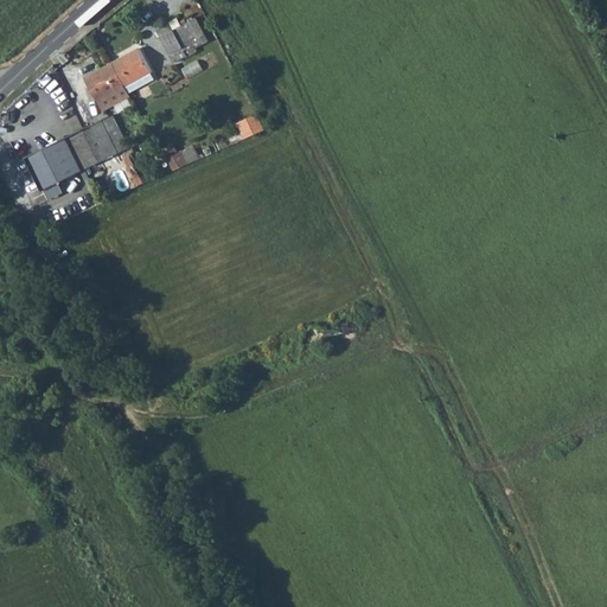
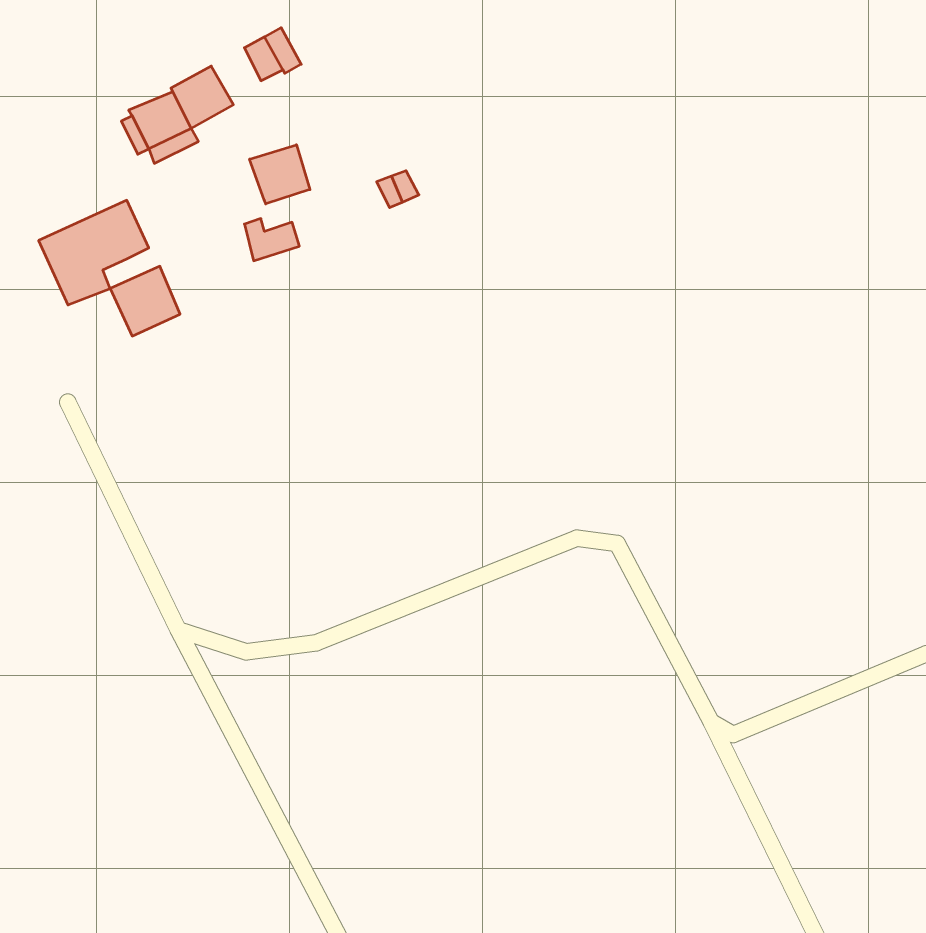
building: none -> [250,145,310,204]
building: [82,119,127,164] -> [110,266,180,336]

